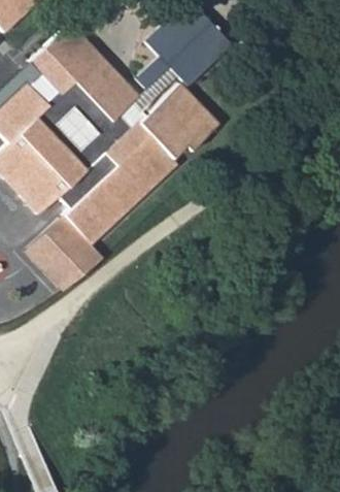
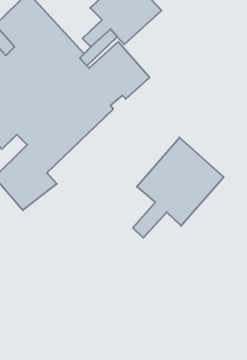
building: none -> [133,137,224,238]

